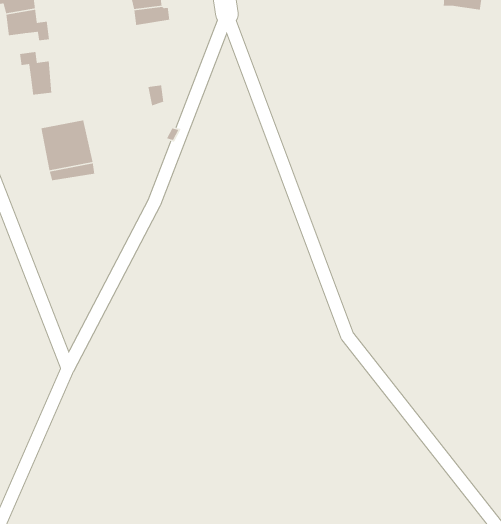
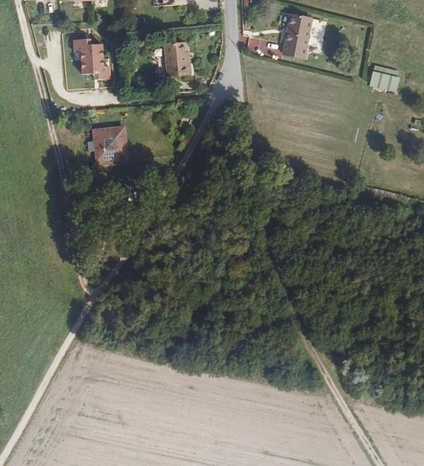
building: [19,51,52,96] -> none

